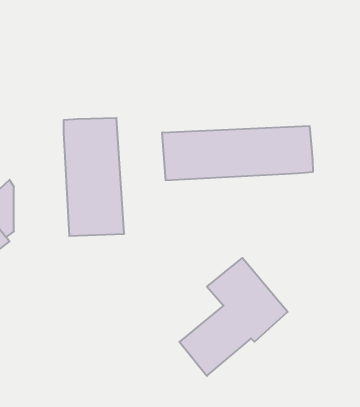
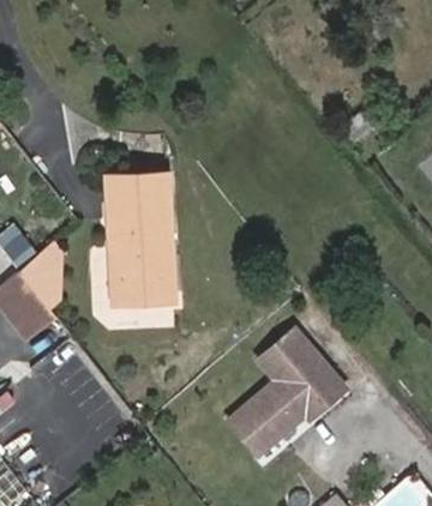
building: [162,126,313,180] -> none

